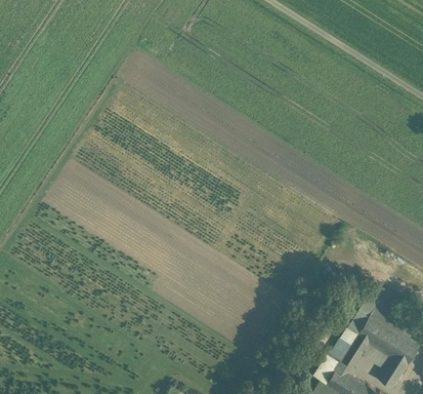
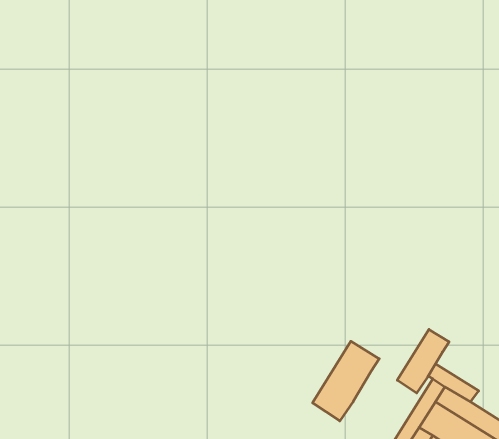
building: none -> [397,329,449,393]
building: none -> [313,341,379,421]

